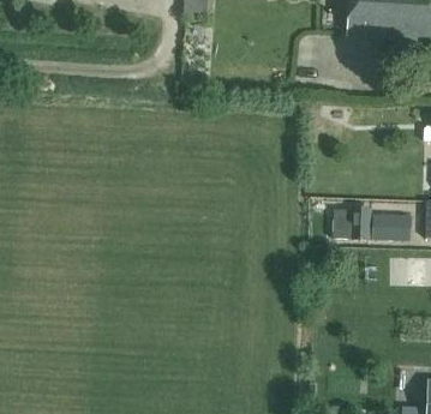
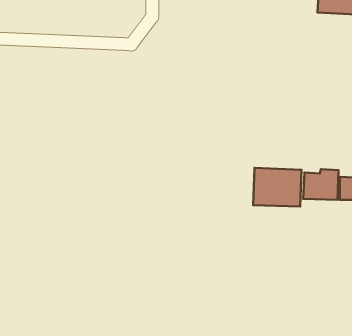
building: none -> [253,168,301,207]

